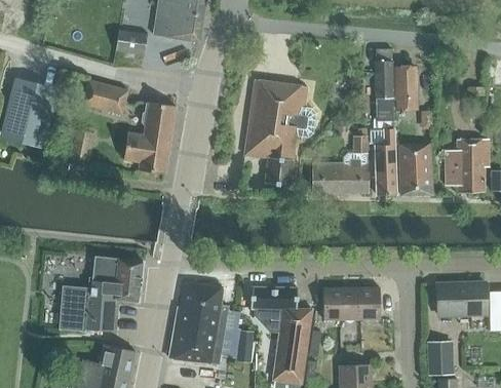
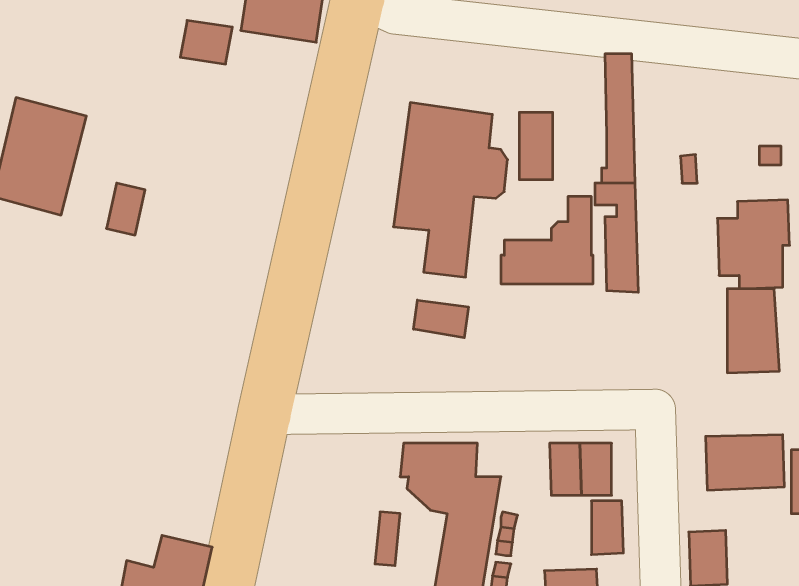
building: [395,68,416,109] -> [519,112,553,180]
building: [81,80,127,115] -> none
building: [124,103,175,173] -> none
building: [400,144,432,195] -> [727,289,779,373]
building: none -> [414,300,468,338]
building: [60,257,144,332] -> none
building: [169,282,231,364] -> none
building: [323,287,343,320] -> [591,501,623,555]

